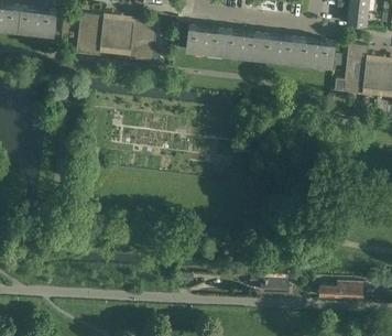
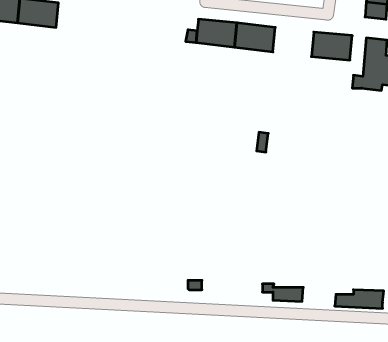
building: [76,14,162,64] -> none
building: [260,35,298,63] -> none

